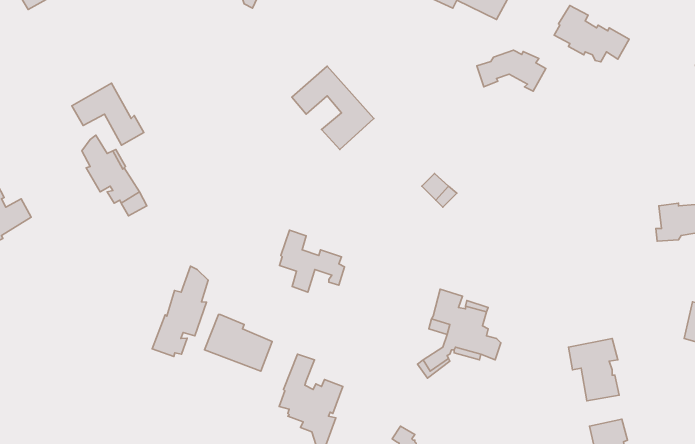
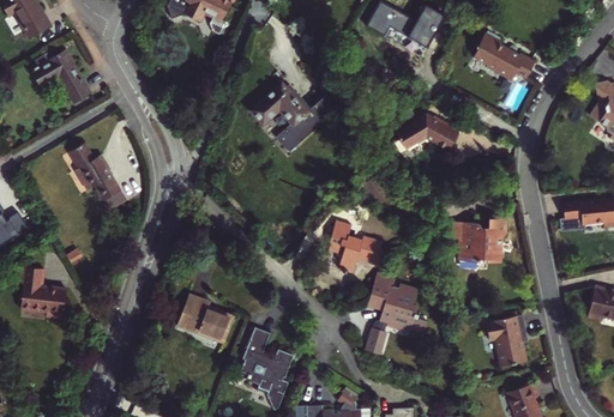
building: [477,50,546,91] -> [396,114,455,149]
building: [72,83,144,145] -> [29,49,90,102]
building: [279,230,344,292] -> [330,220,385,273]
building: none -> [456,226,505,271]
building: [152,266,208,357] -> none
building: none -> [22,267,67,319]

